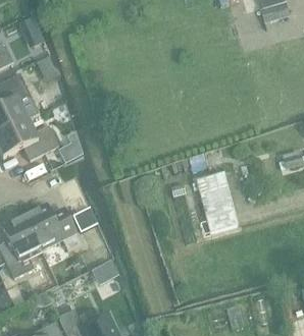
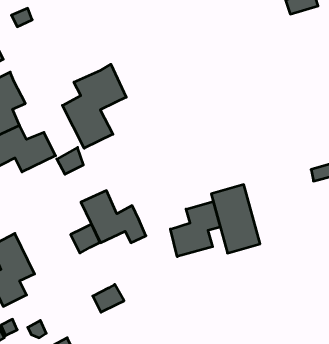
building: none -> [62,64,126,148]
building: none -> [170,202,220,257]
building: [23,203,81,248] -> [81,191,146,243]

